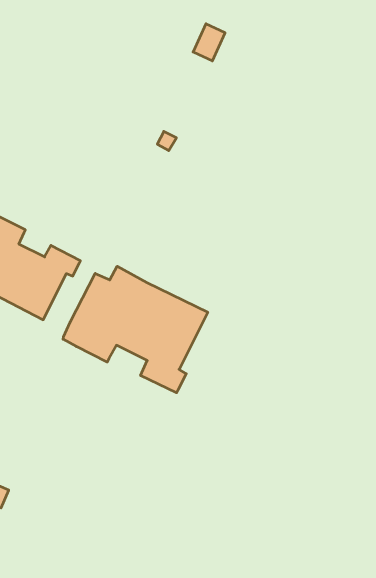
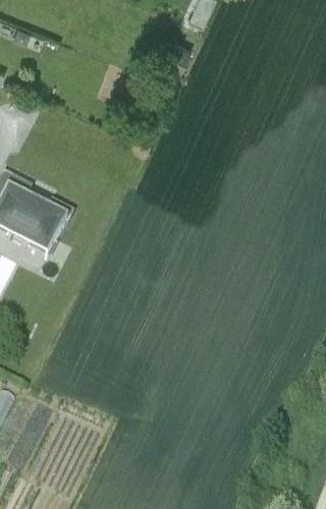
building: [63,266,208,393] -> none

